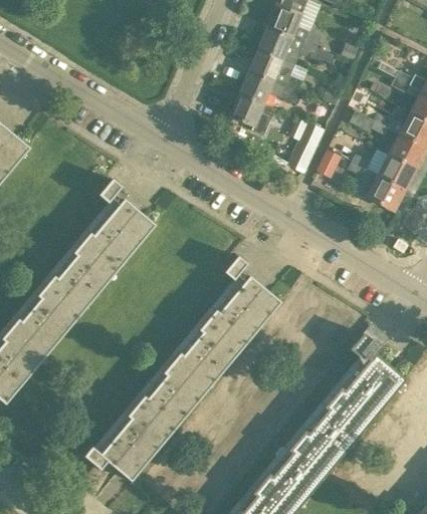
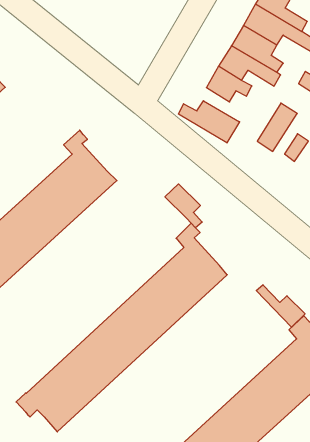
building: none -> [178,101,240,143]
building: none -> [165,184,202,228]
building: none -> [256,285,305,327]

